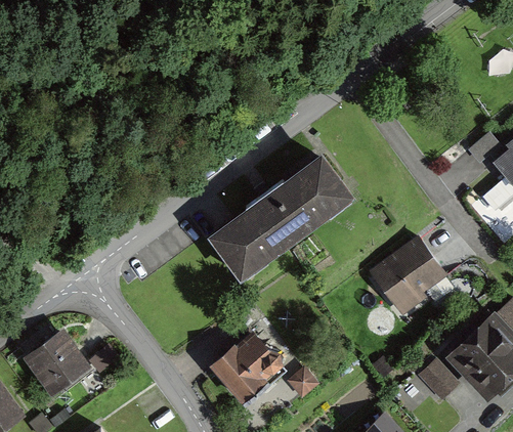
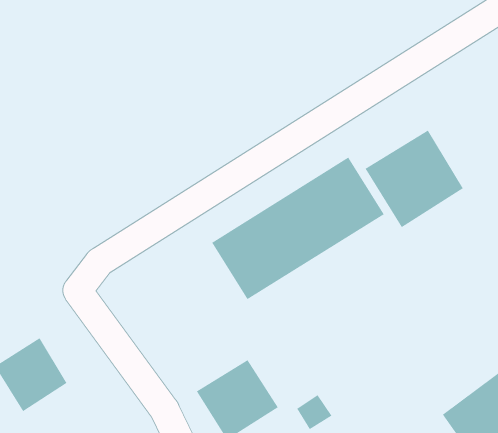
building: none -> [364,129,464,228]
building: [369,240,441,320] -> none

